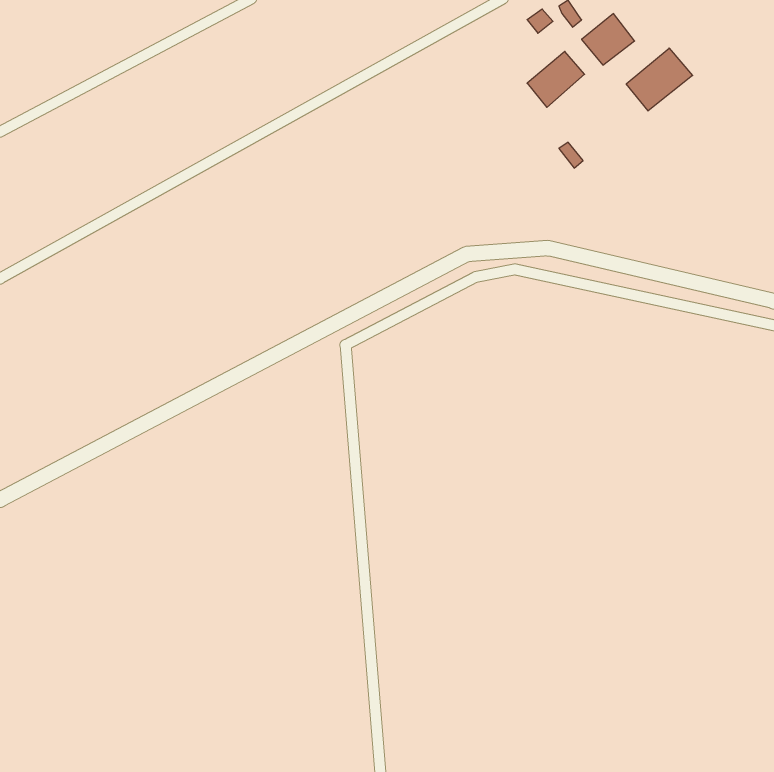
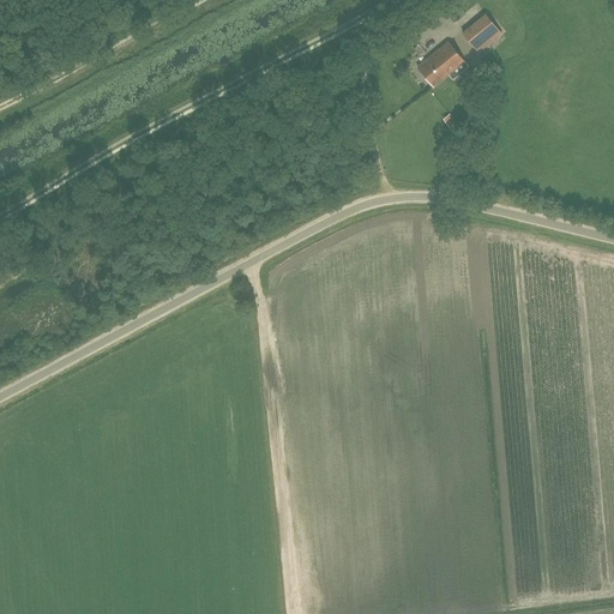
building: [626,48,693,111] -> none

